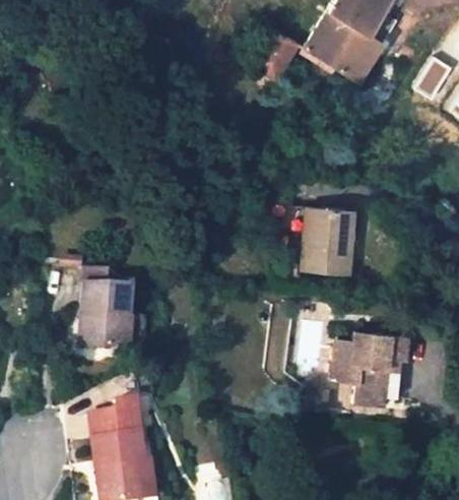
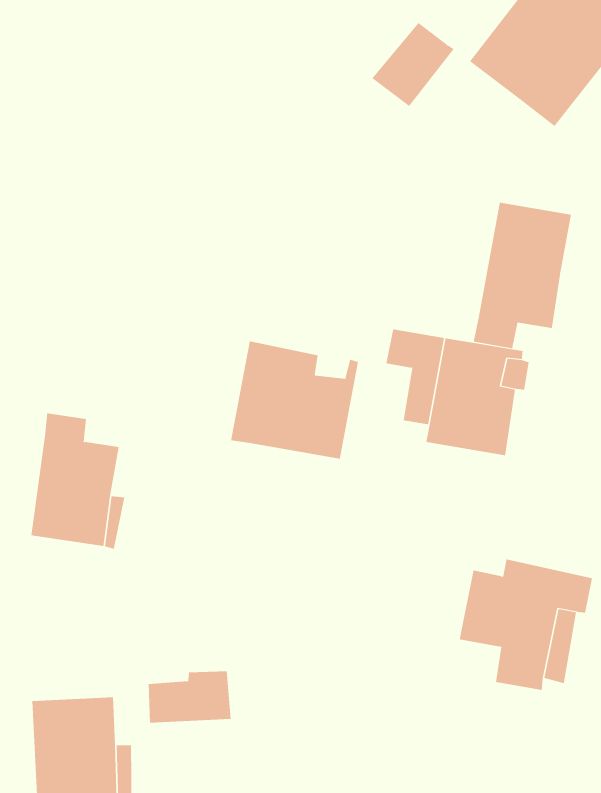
building: none -> [473,202,571,349]
building: none -> [230,341,359,459]
building: [89,407,139,441] -> [148,671,231,723]

